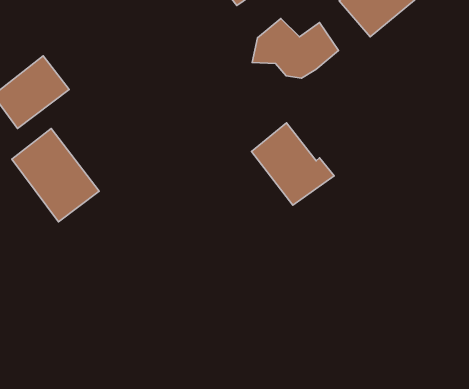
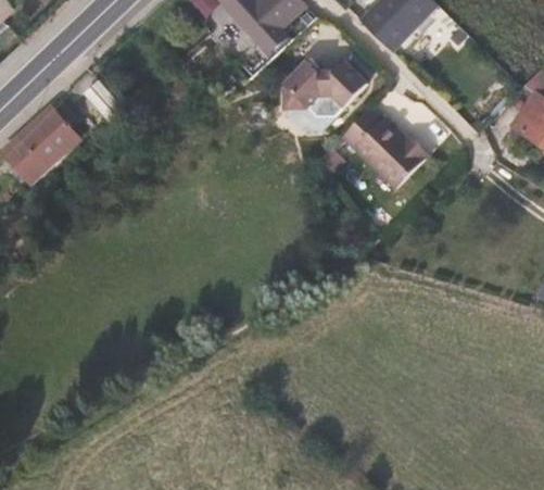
building: [252,123,334,205] -> [339,104,426,189]
building: [12,128,99,222] -> none

